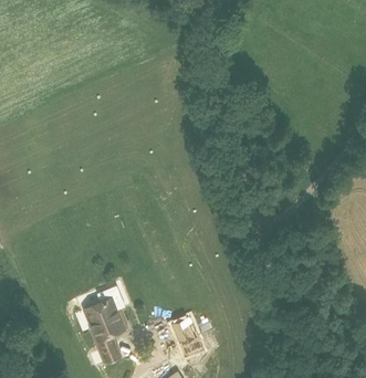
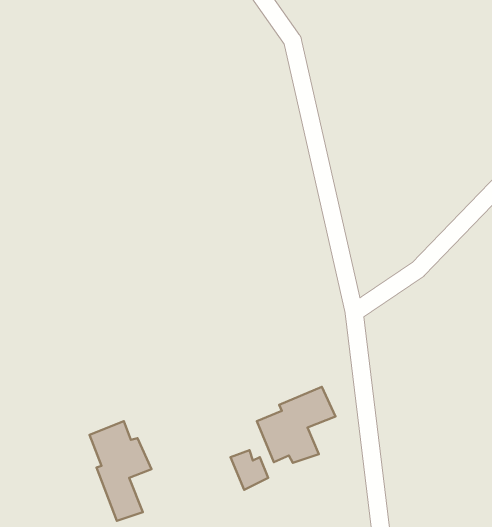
building: none -> [257,387,336,463]

